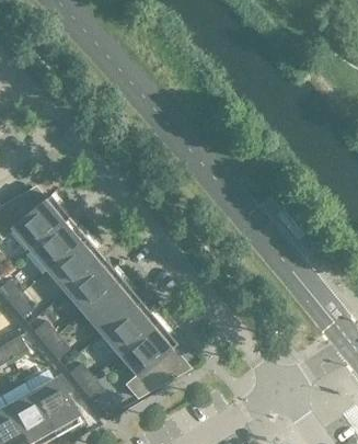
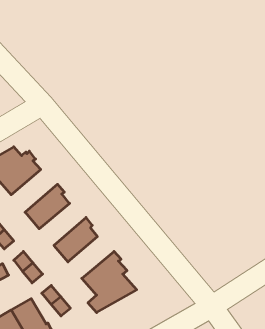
building: [30,217,88,271] -> none
building: [65,260,124,312] -> none
building: [101,301,159,354] -> none

